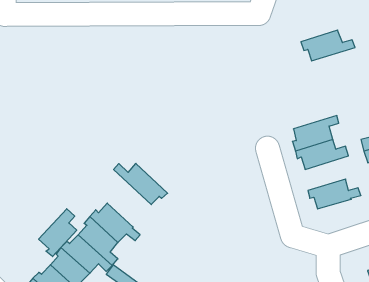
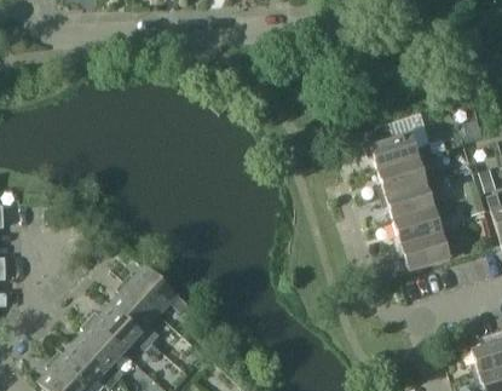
building: [301,30,355,61] -> [367,131,434,169]
building: none -> [394,203,451,247]
building: [114,163,168,205] -> none
building: [39,209,77,257] -> none

